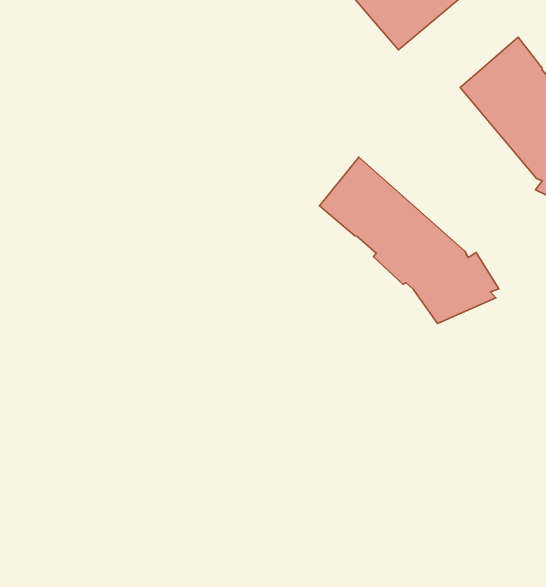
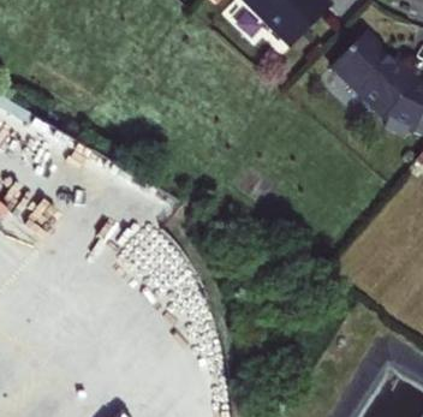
building: [319,157,499,324] -> none

